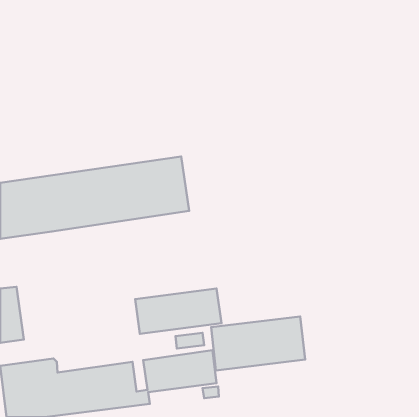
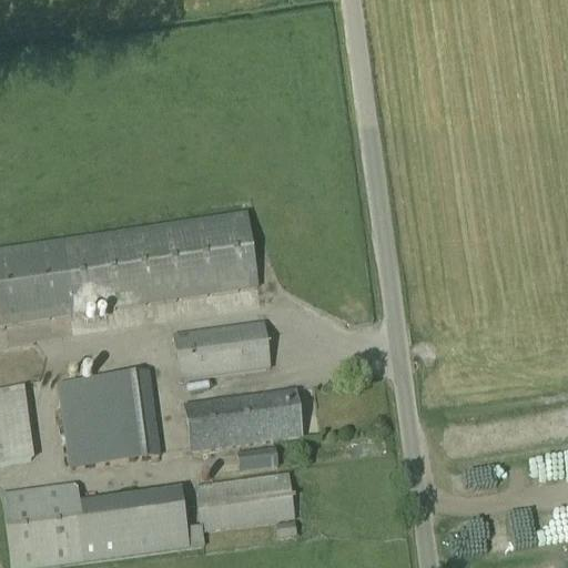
building: none -> [174,321,268,377]
building: none -> [58,369,160,465]
building: [211,316,305,370] -> none

